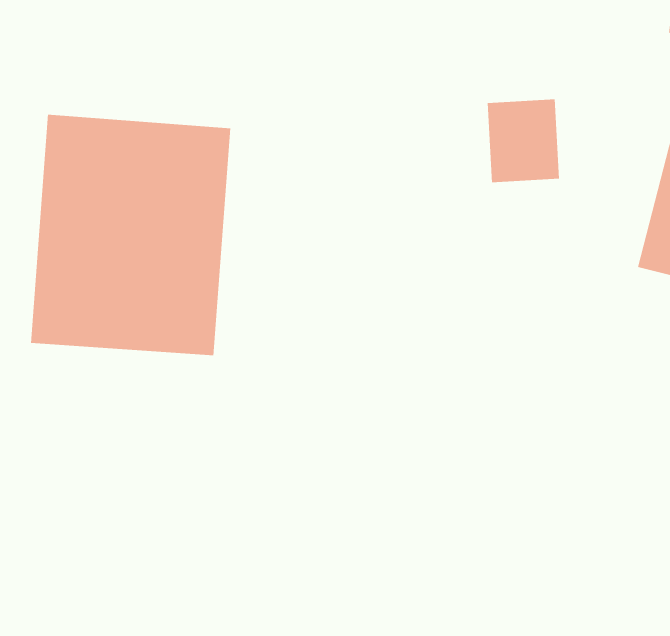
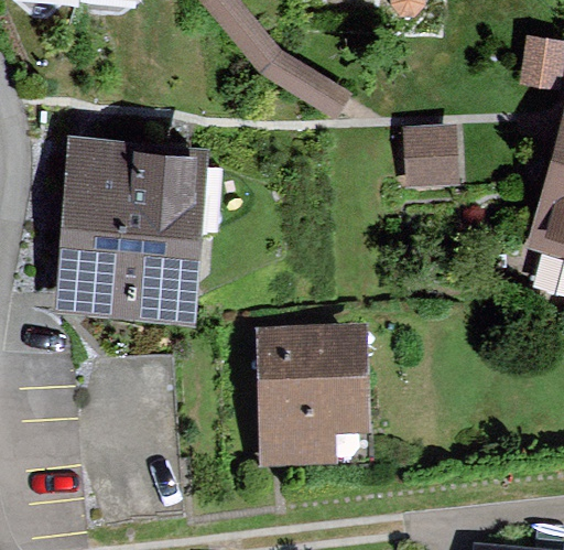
building: none -> [252,328,371,472]

